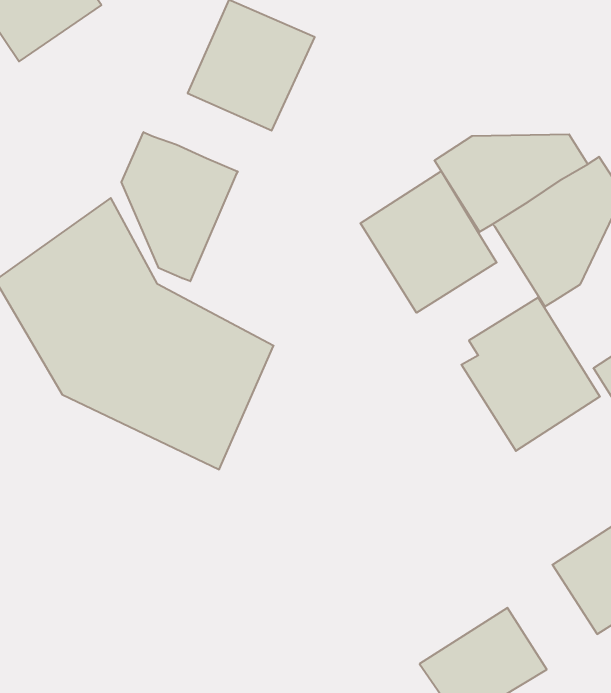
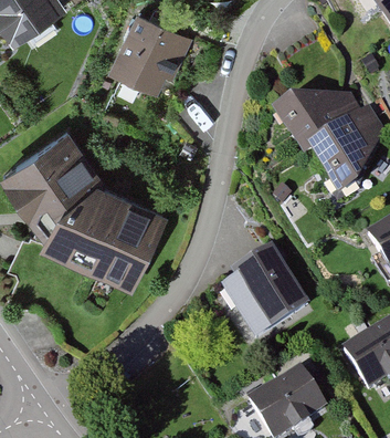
building: [121,132,238,281] -> none
building: [360,171,497,313] -> none
building: [461,297,600,451] -> [231,251,313,342]

